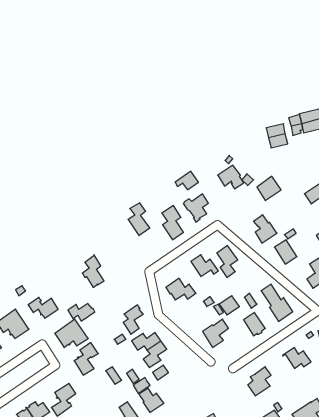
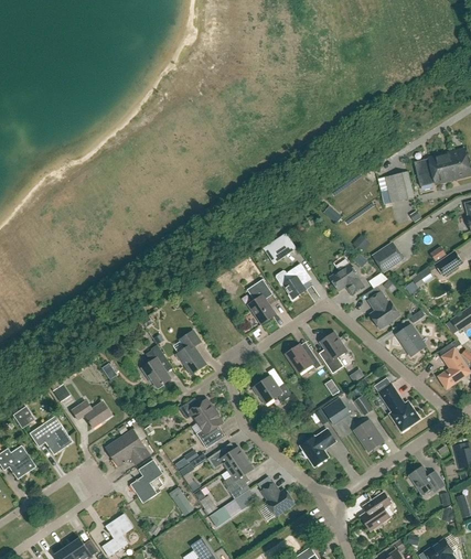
building: [218,165,244,189] -> [330,264,364,294]
building: [128,203,150,235] -> [178,331,206,374]
building: [68,304,95,321] -> [180,399,215,422]
building: [139,388,164,412] -> [261,483,295,515]

